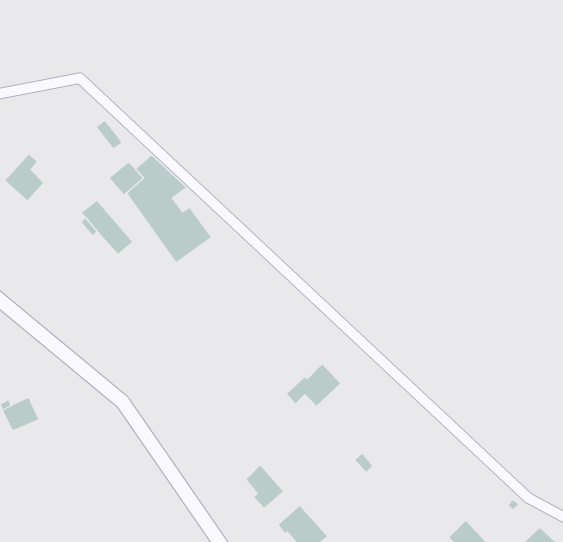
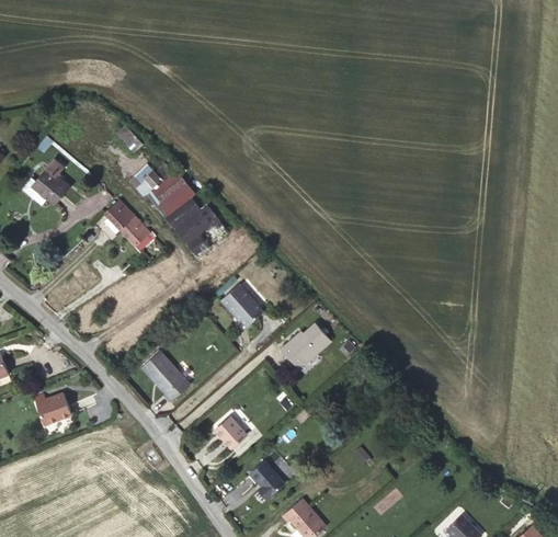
building: none -> [226,285,267,328]
building: none -> [145,349,192,401]
building: [286,364,341,407] -> [284,316,335,356]
building: none -> [220,414,252,446]

